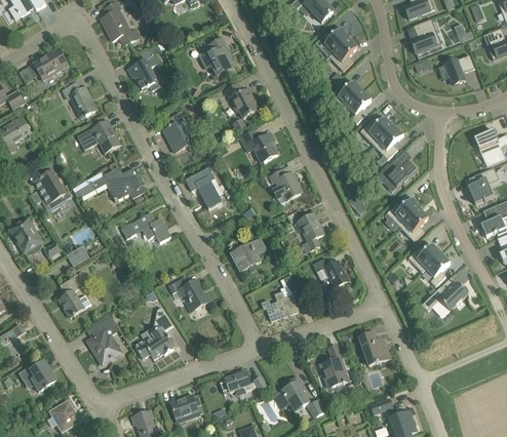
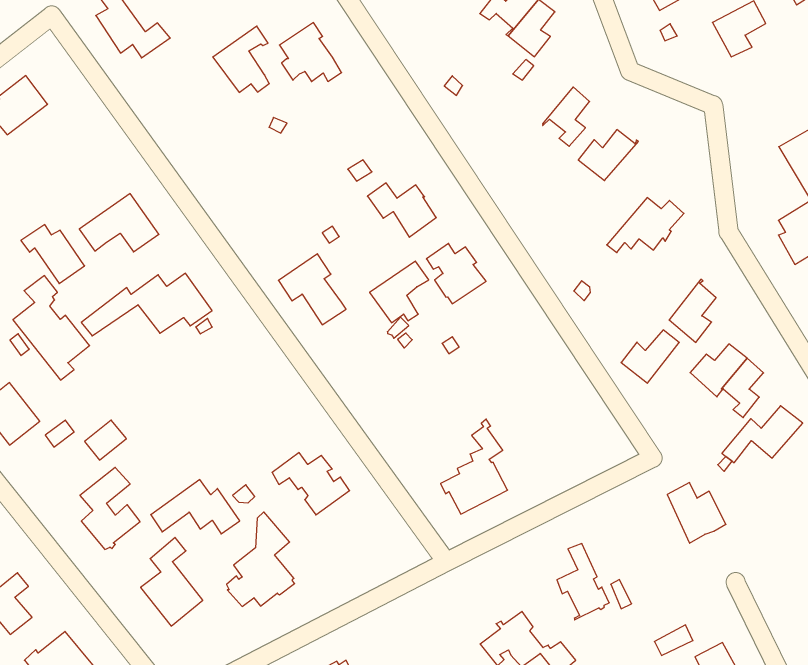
building: [129,53,161,90] -> [213,26,269,92]
building: [329,81,362,109] -> none
building: [63,83,96,117] -> [21,225,85,284]
building: [226,84,258,118] -> none
building: [163,112,195,152] -> none
building: [374,125,403,159] -> none
building: [387,198,421,227] -> [621,330,679,383]
building: [121,211,170,243] -> [151,480,240,534]
building: [297,213,324,249] -> none
building: [231,238,265,271] -> [370,261,429,323]
building: [312,257,348,287] -> none
building: [359,332,390,366] -> [667,483,726,543]
building: [219,371,266,393] -> none

